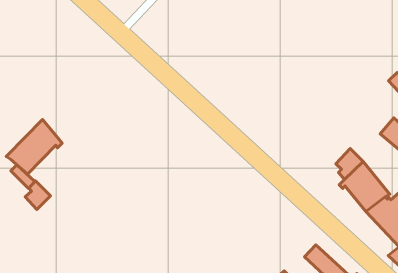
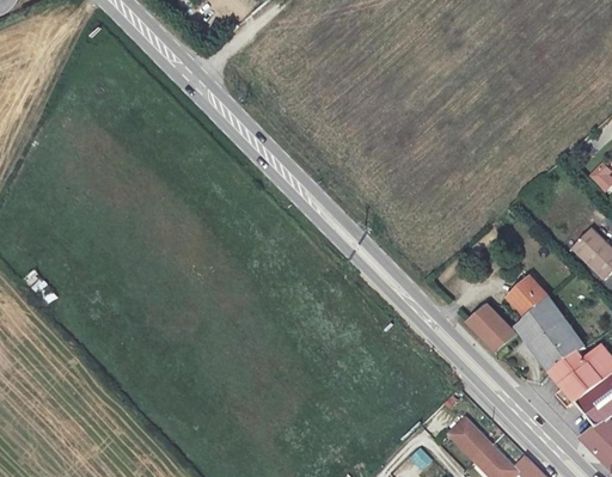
building: [6,119,62,174] -> none
building: none -> [463,302,514,350]
building: [25,181,51,210] -> none

